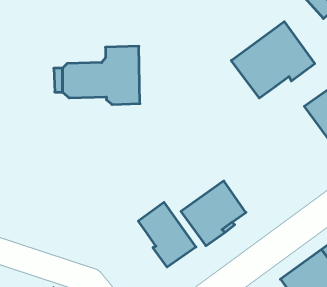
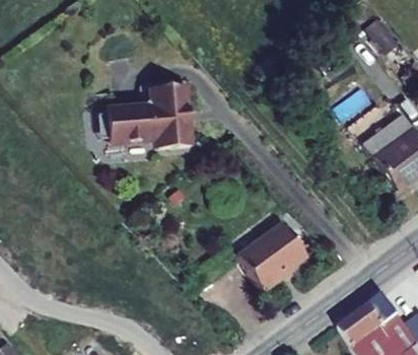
building: [231,22,315,98] -> none
building: [138,202,196,267] -> none

